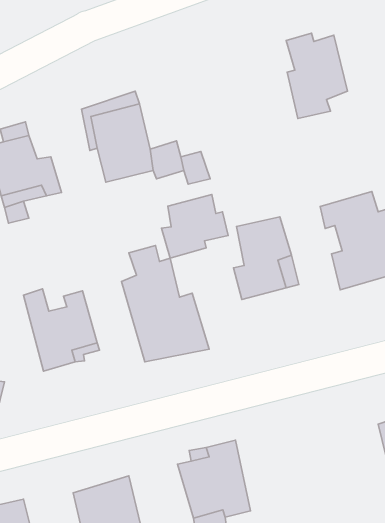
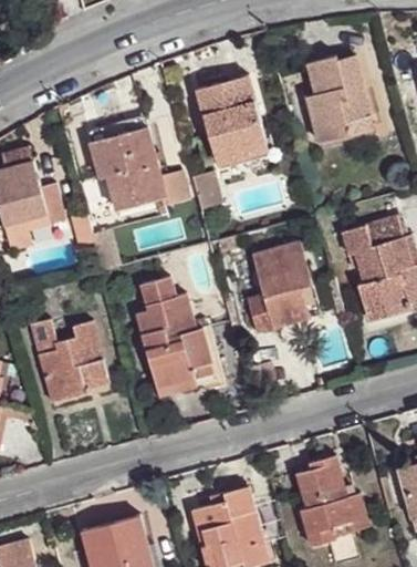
building: none -> [199,74,270,162]
building: [161,194,228,258] -> none
building: none -> [293,451,362,544]

